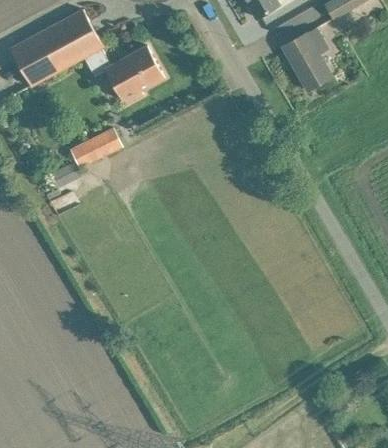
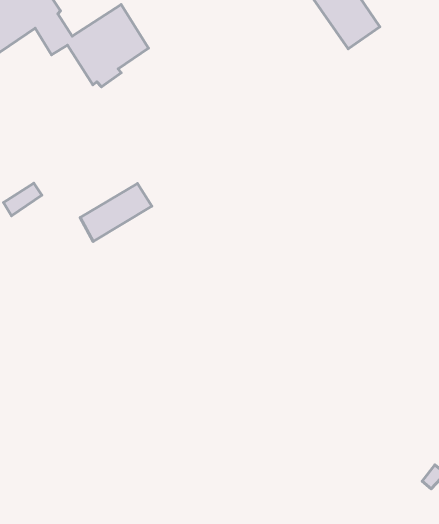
building: [70,128,122,167] -> [80,184,152,242]

